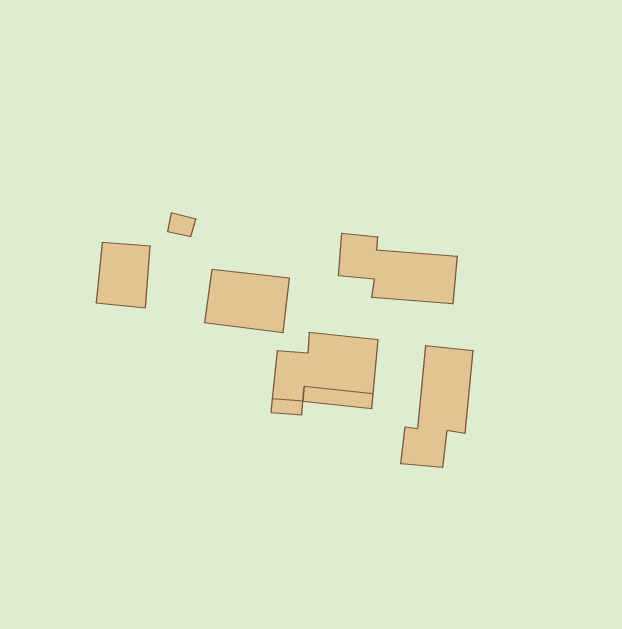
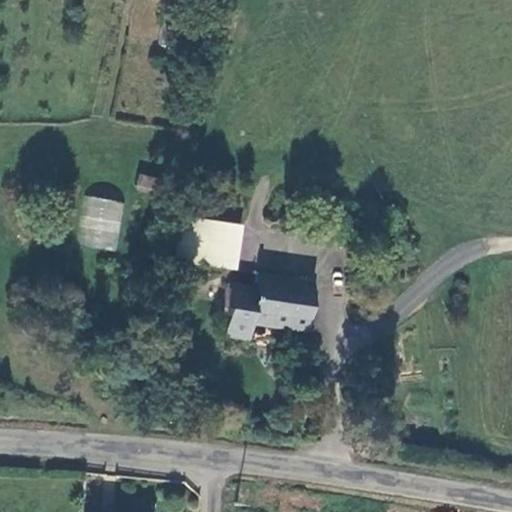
building: [339,233,457,304] -> none
building: [401,345,473,468] -> none

